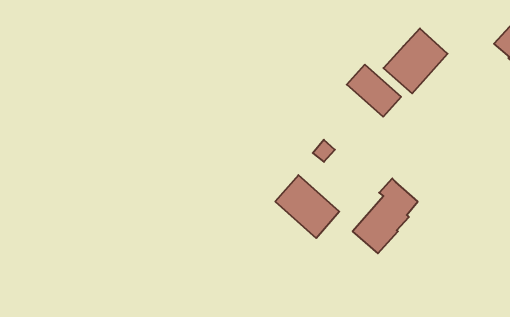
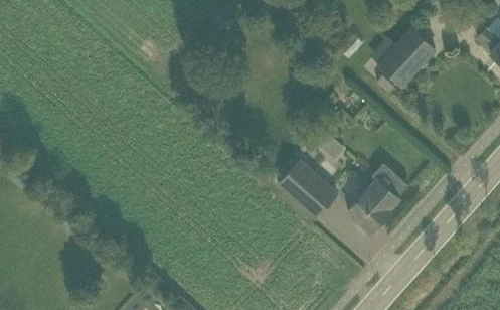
building: [347,65,401,117] -> none

